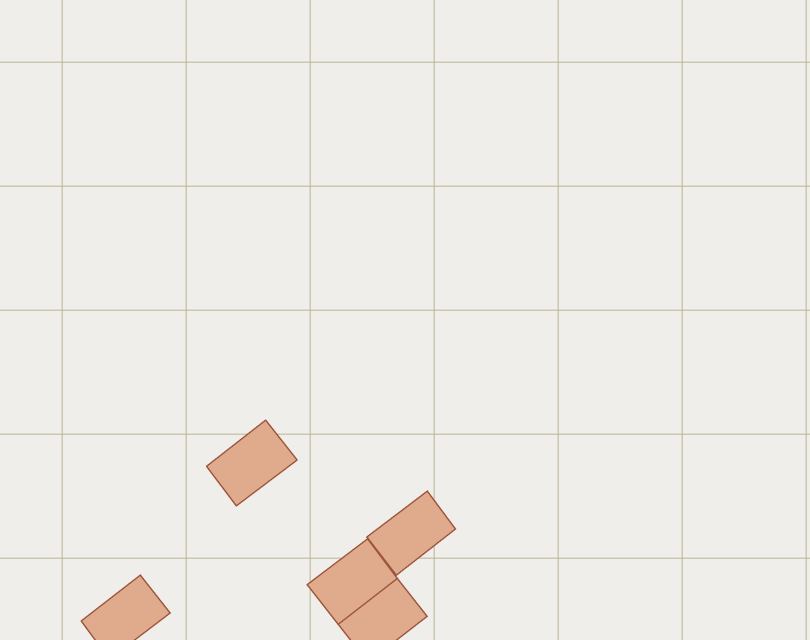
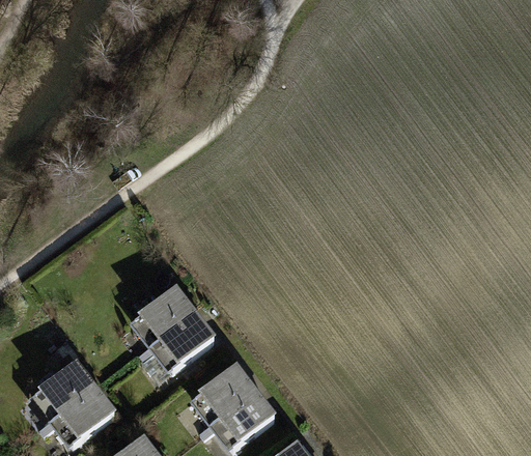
building: [367,491,456,575] -> [153,316,209,369]
building: none -> [36,364,93,418]

